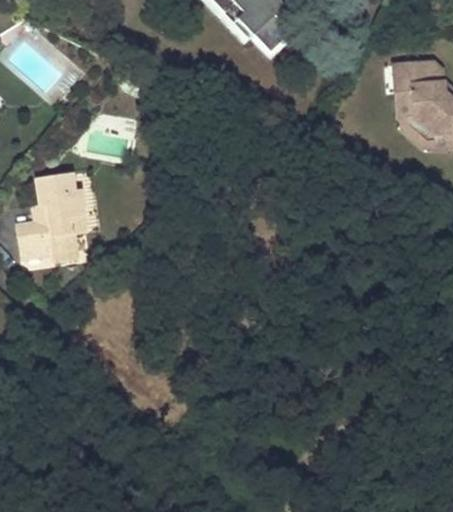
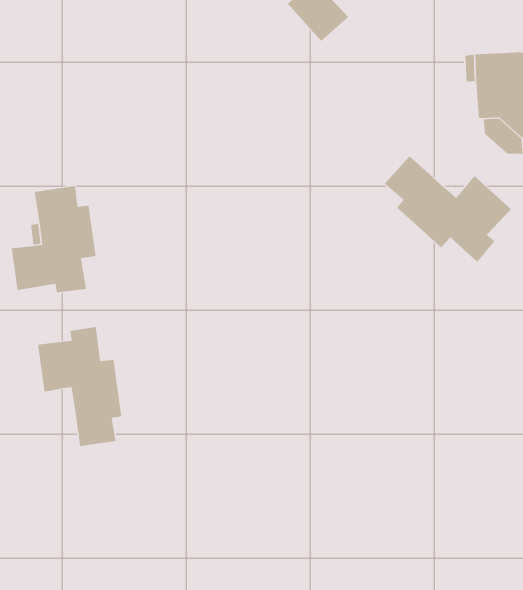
building: none -> [384,155,512,263]
building: none -> [37,326,122,447]

